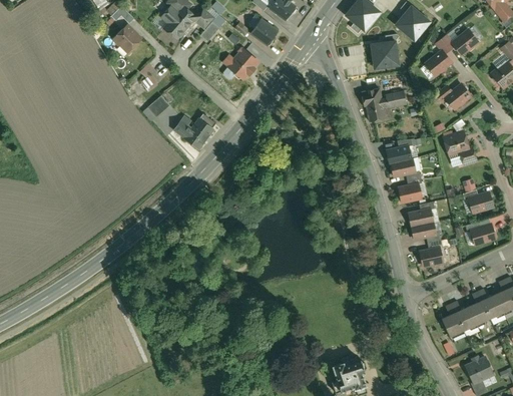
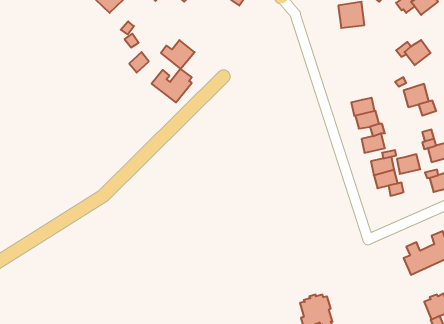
building: [222,48,259,79] -> [161,40,195,69]
building: [425,49,453,76] -> none
building: [362,87,402,121] -> none
building: [420,247,445,268] -> [397,154,420,174]

